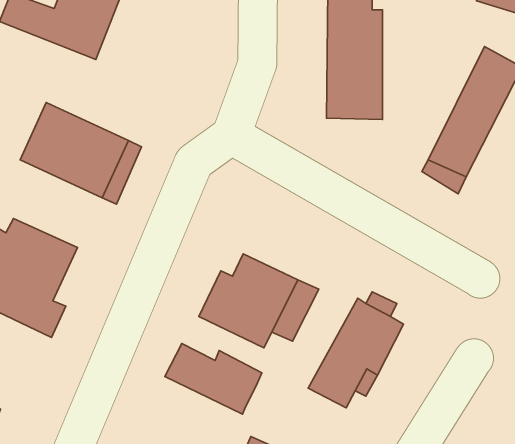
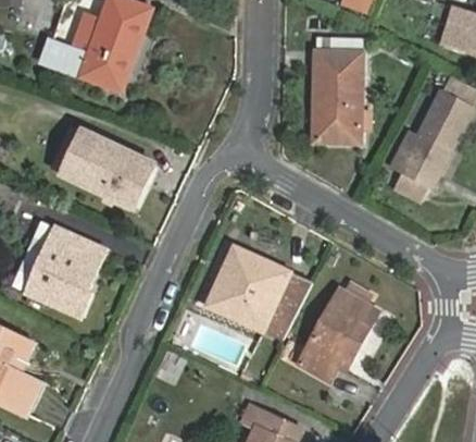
building: [165,344,262,414] -> none

